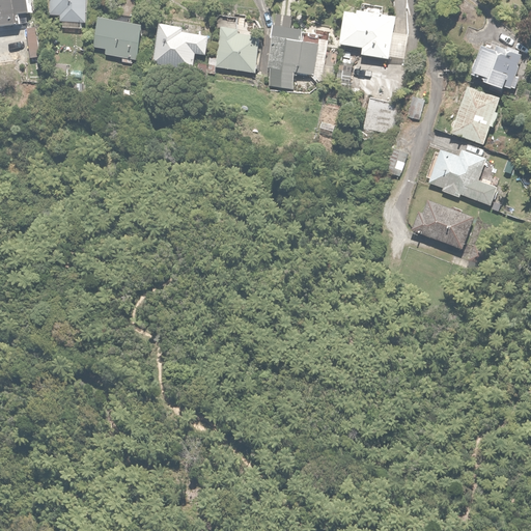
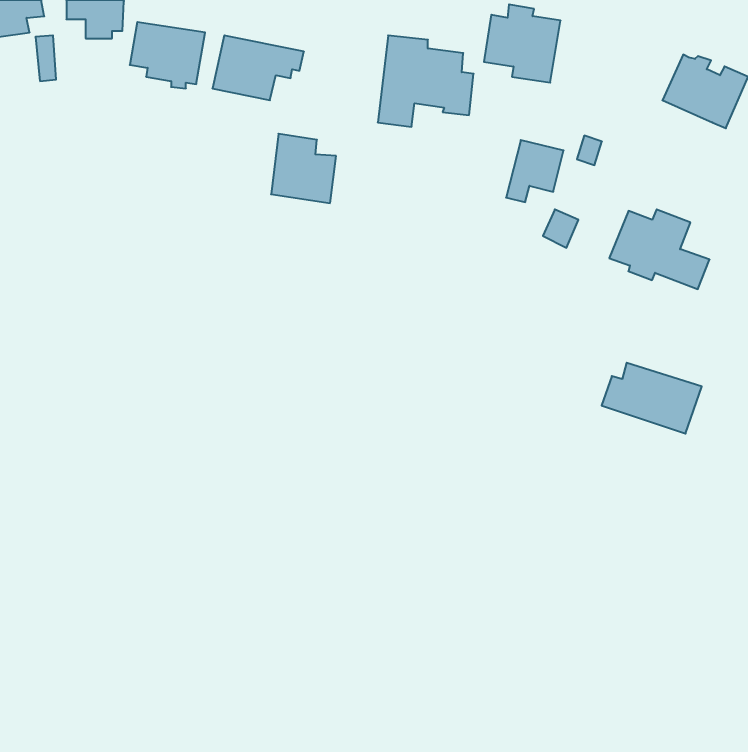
building: [214,24,259,73] -> [271,134,336,203]
building: [448,85,502,150] -> none
building: [409,201,479,251] -> [602,363,702,434]

